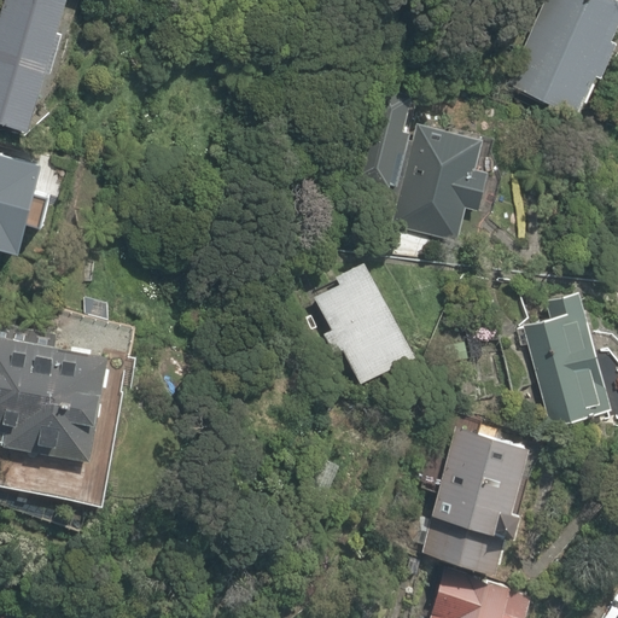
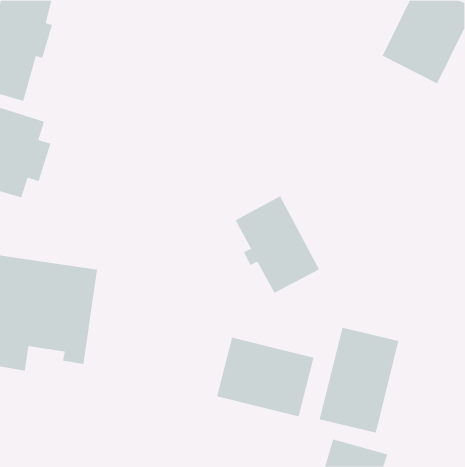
building: [356,94,489,232] -> none
building: [520,316,608,424] -> none
building: none -> [217,337,314,417]

